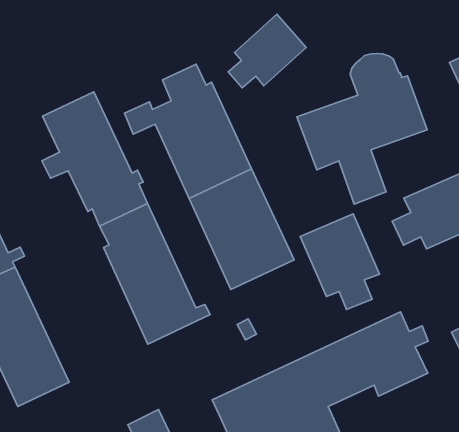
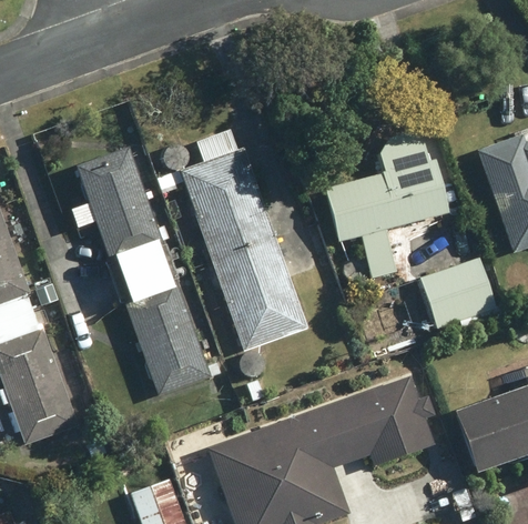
building: [228,14,306,88] -> none
building: [300,214,380,310] -> none

